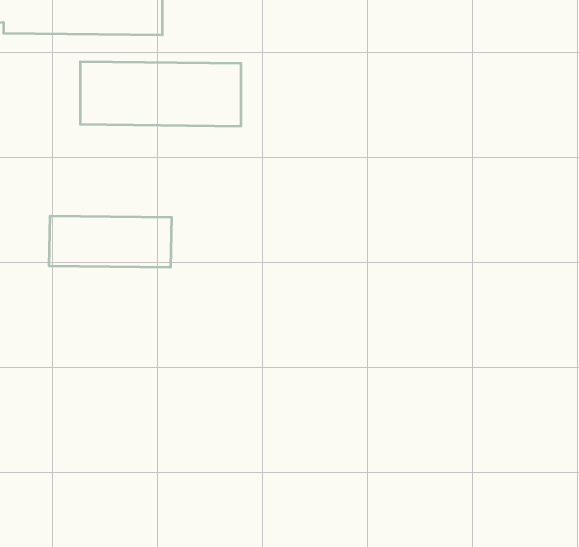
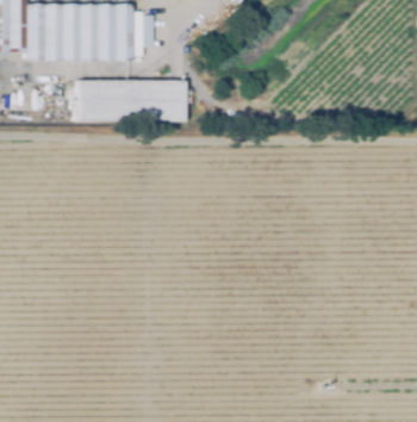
building: [49,216,172,267] -> none

